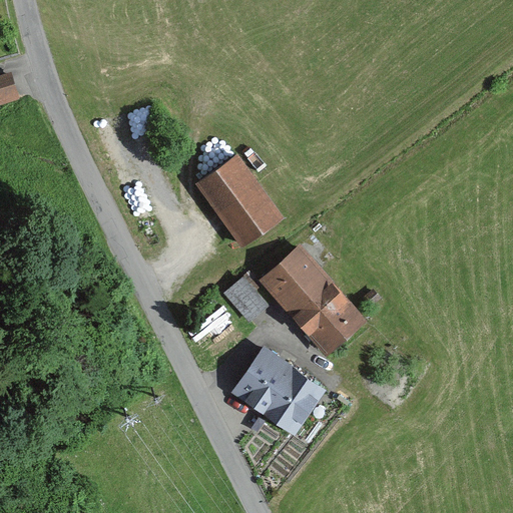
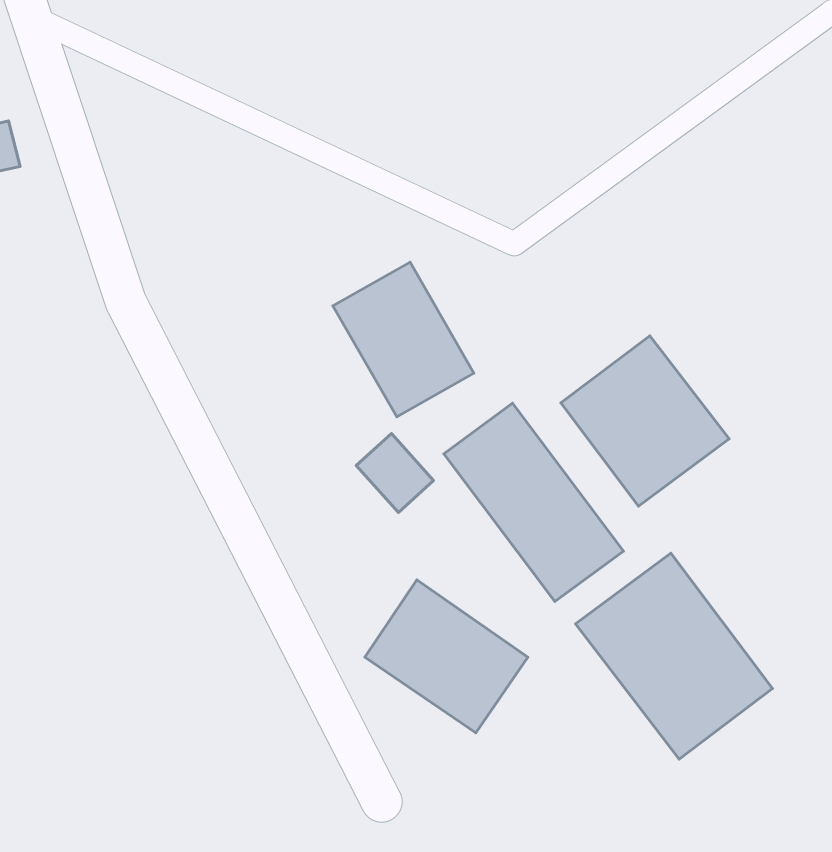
building: none -> [561,336,729,506]
building: none -> [575,553,772,759]

